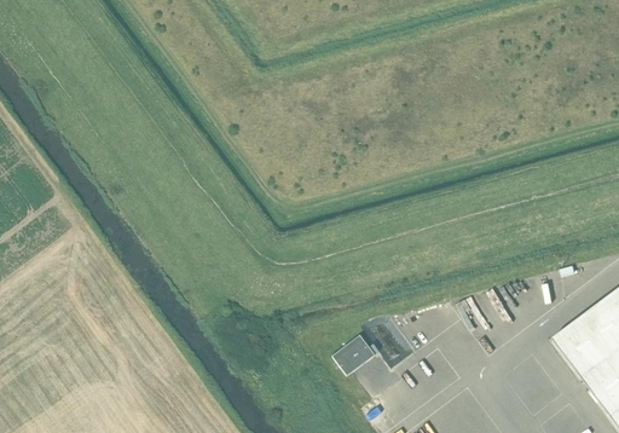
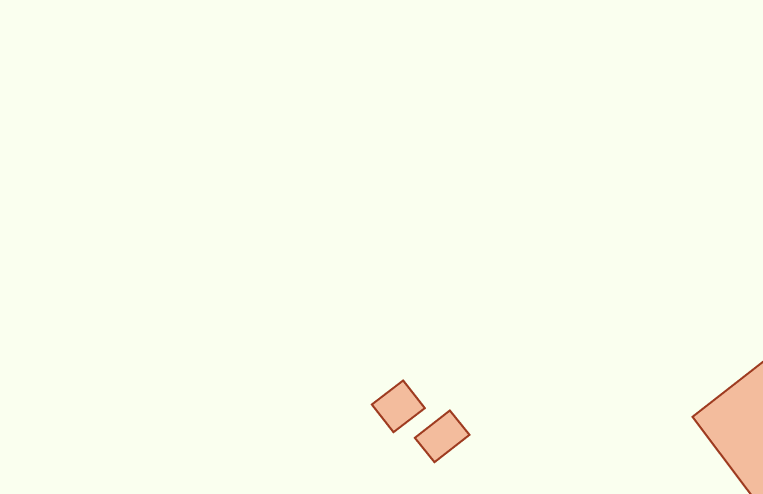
building: none -> [372,380,425,432]

